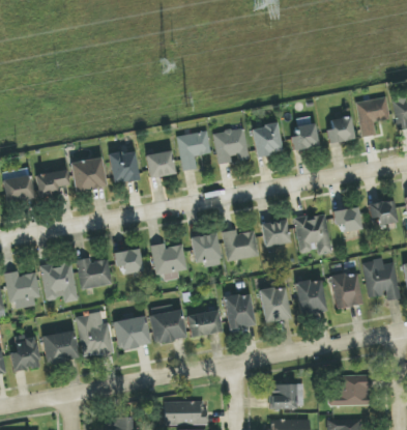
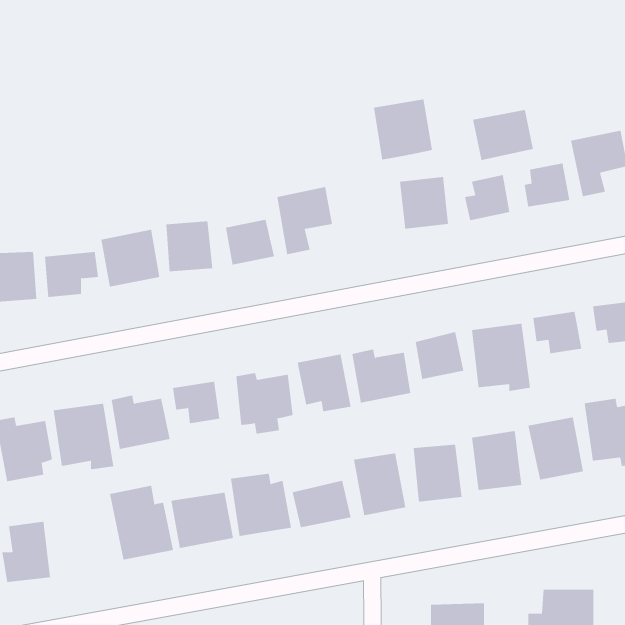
building: none -> [472,109,533,161]
building: [212,127,249,165] -> [373,99,433,160]
building: [42,332,77,363] -> none

